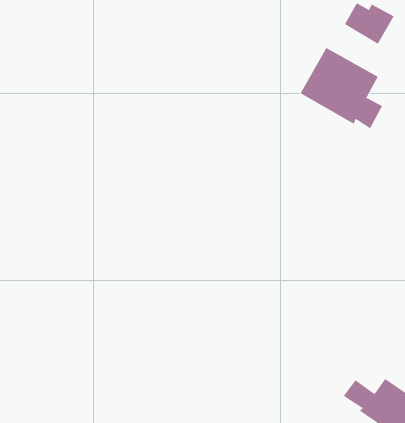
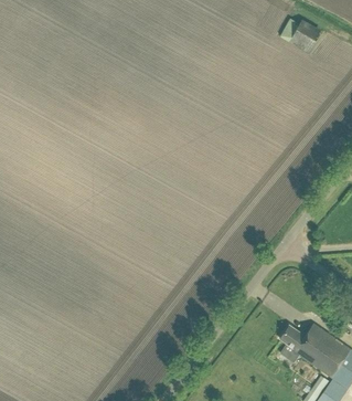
building: [300,47,383,129] -> none

